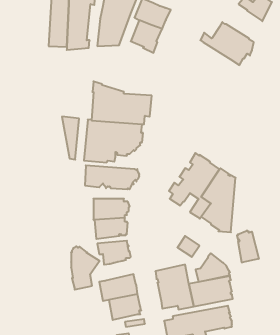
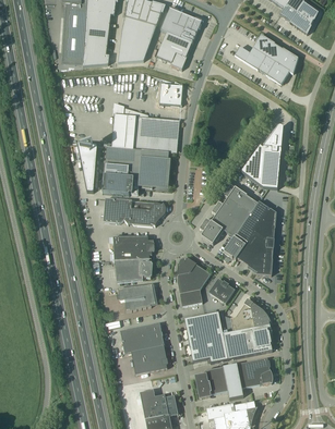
building: none -> [241,128,283,188]
building: [237,230,259,263] -> none
building: [71,247,100,290] -> [178,257,211,306]

